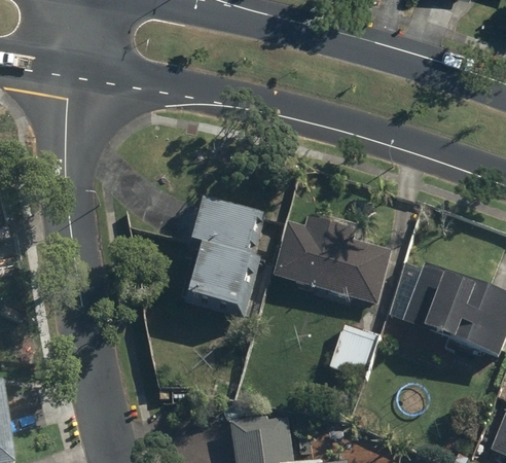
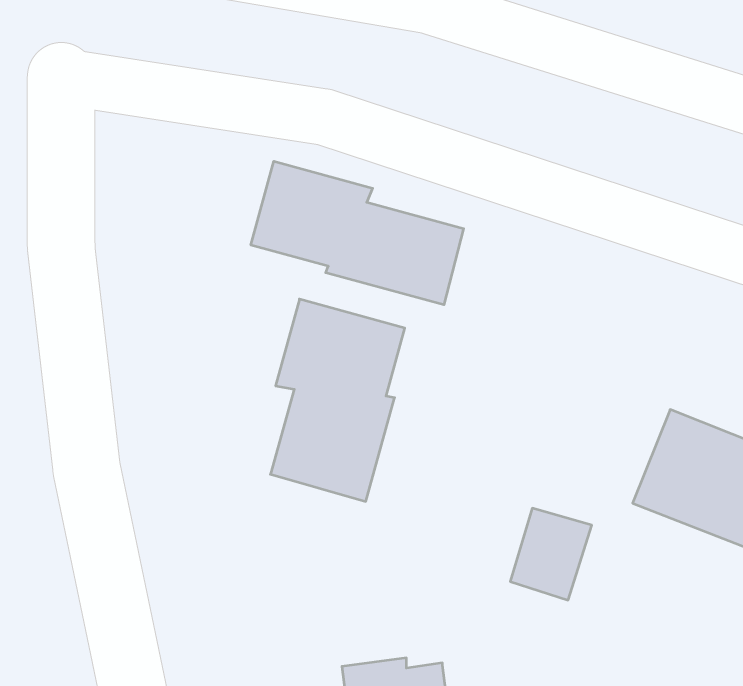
building: none -> [251,161,464,305]
building: [276,218,394,306] -> none

